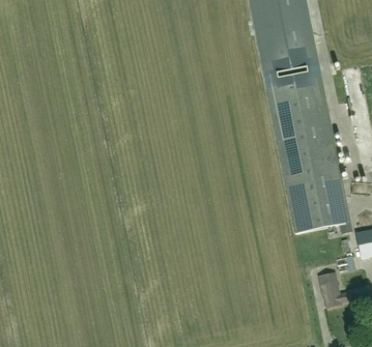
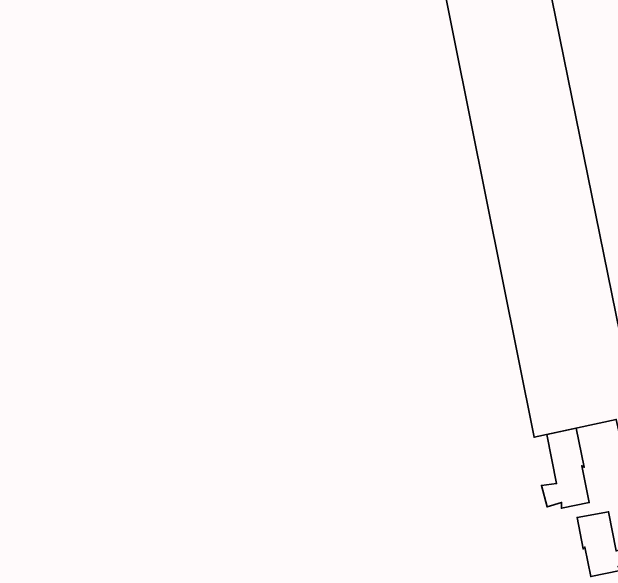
building: none -> [541,428,589,508]

